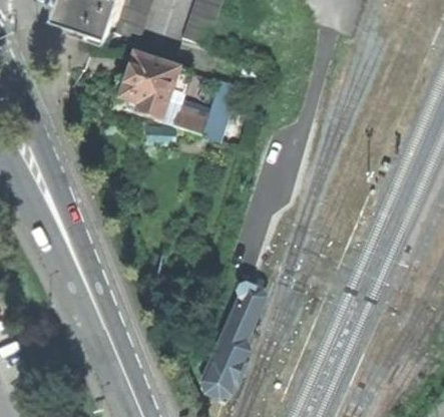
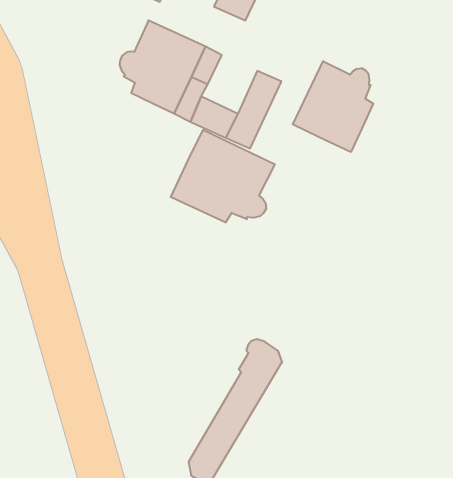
building: none -> [293,61,373,152]
building: none -> [171,130,275,223]

